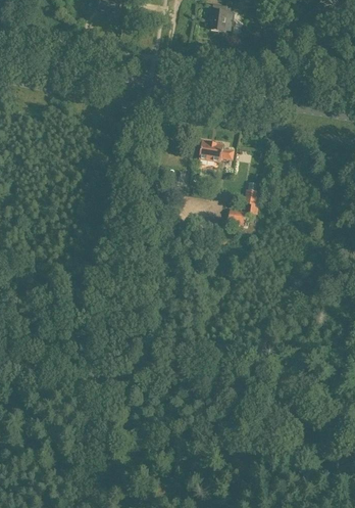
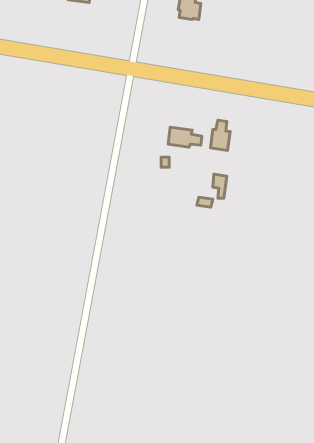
building: none -> [210,120,230,150]

